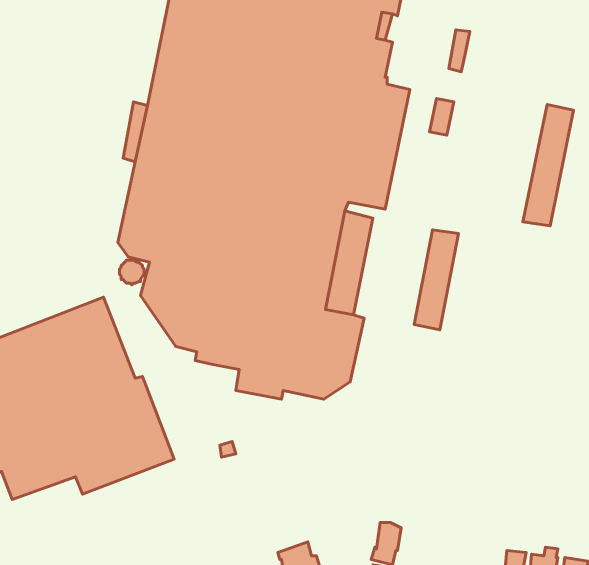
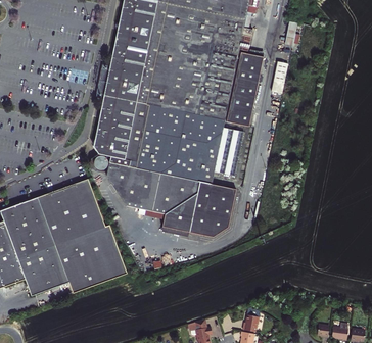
building: [523,105,574,226] -> none
building: [414,230,459,330] -> none

